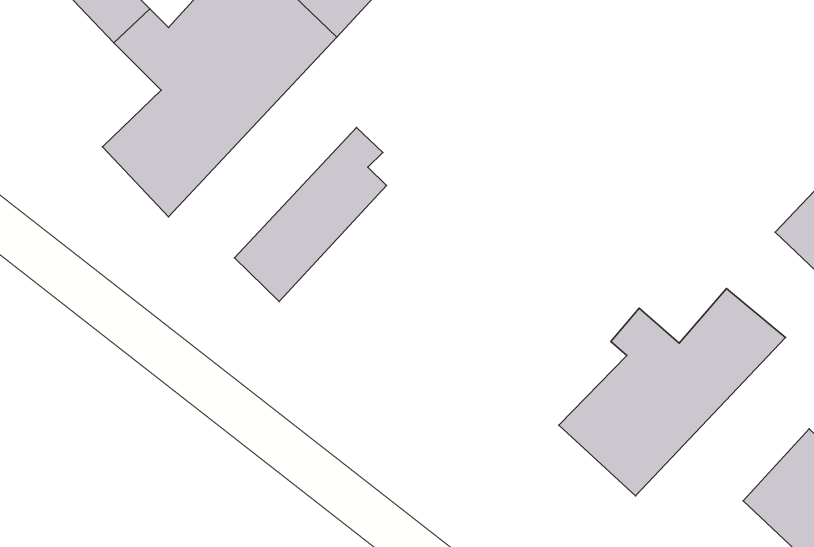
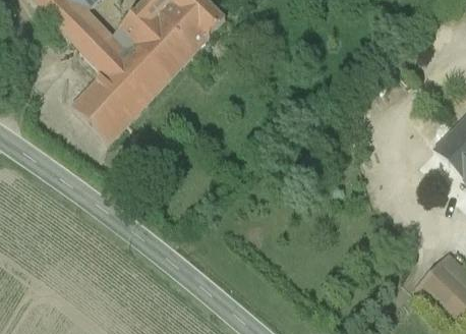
building: [234,127,386,301] -> none
building: [559,289,786,496] -> none

